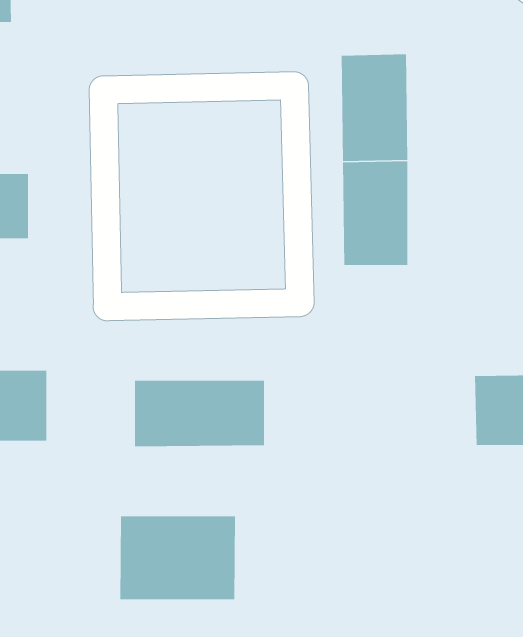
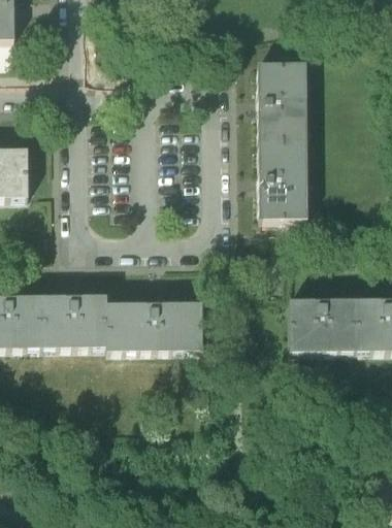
building: none -> [41,294,105,348]
building: none -> [288,299,356,352]
building: [120,515,236,600] -> none

